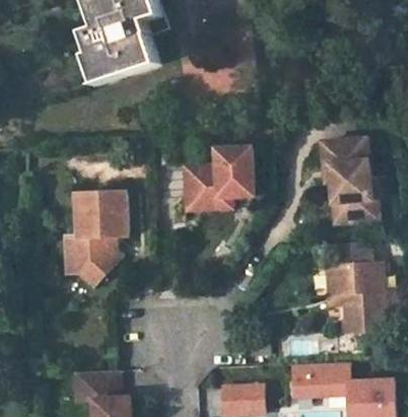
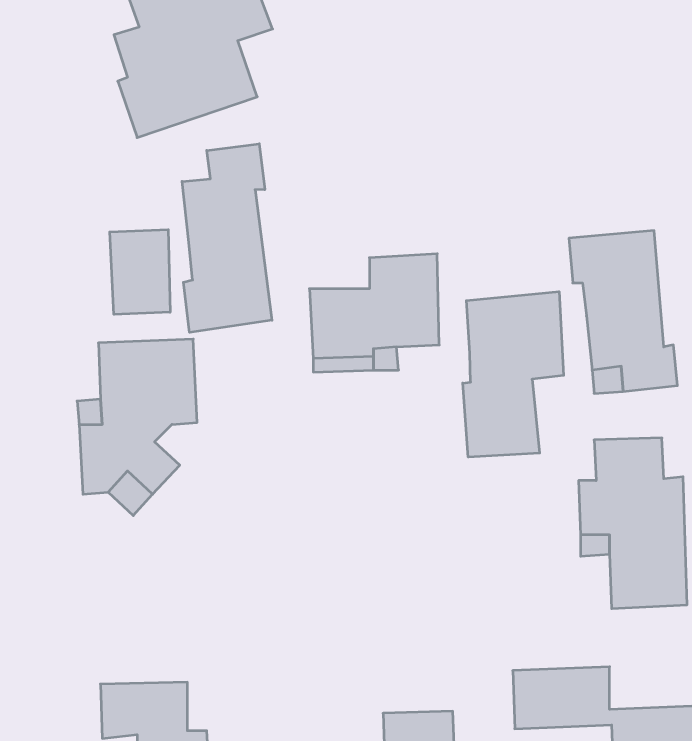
building: none -> [182,144,272,332]
building: none -> [110,230,170,314]
building: none -> [463,292,564,457]

